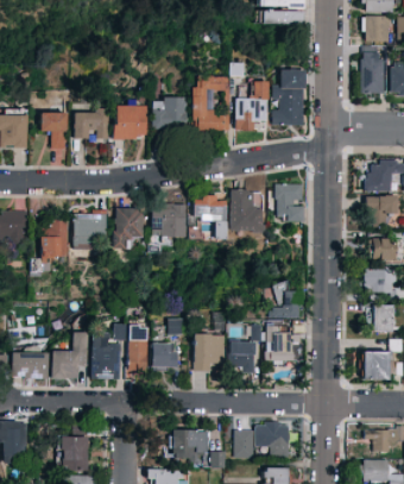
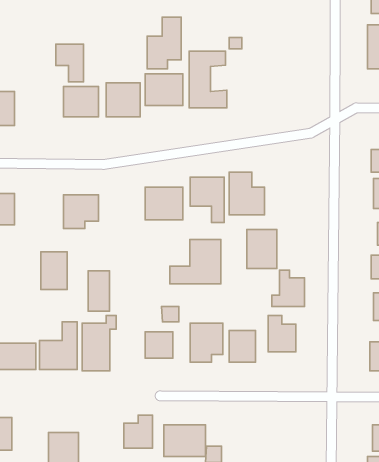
building: [272,69,304,125] -> none
building: [235,80,267,128] -> [147,17,181,69]
building: [40,112,67,147] -> [56,44,83,82]
building: [274,183,303,220] -> [247,230,277,269]
building: [114,208,144,247] -> none
building: [42,221,67,257] -> [41,252,67,289]
building: none -> [170,240,221,284]
building: [127,332,147,370] -> [88,271,109,311]
building: none -> [124,415,152,448]
building: [234,421,289,458] -> none

